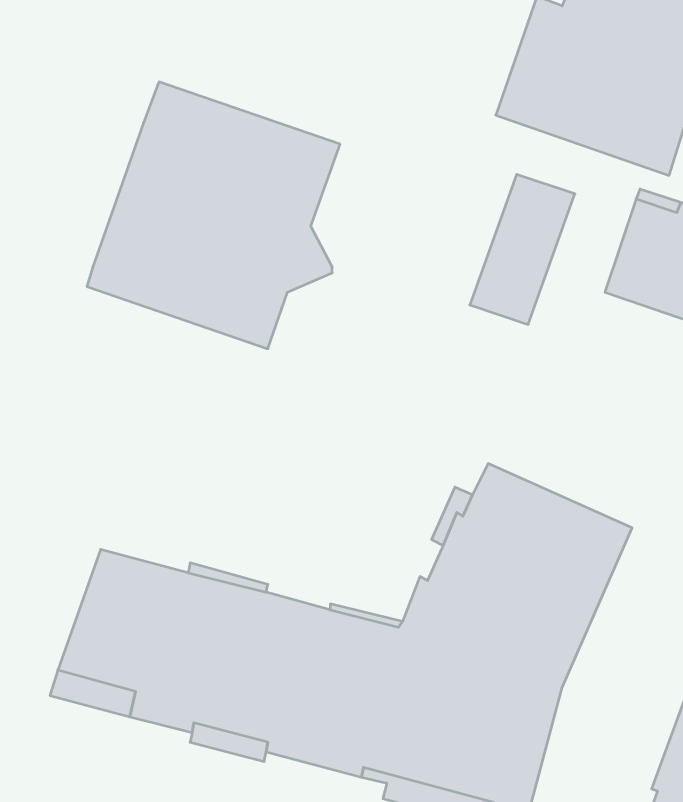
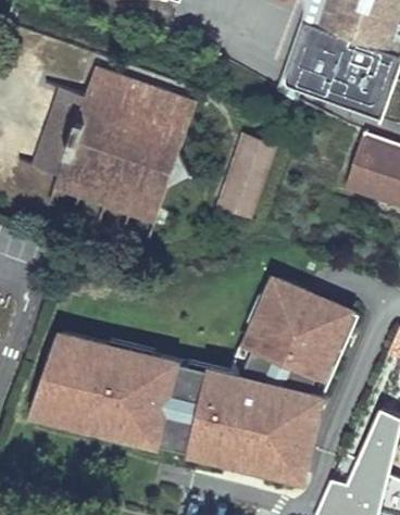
building: none -> [33,85,85,174]
building: [470,174,575,324] -> [217,133,276,216]

